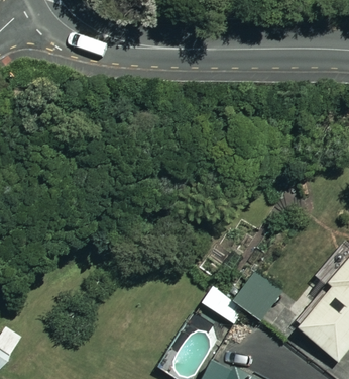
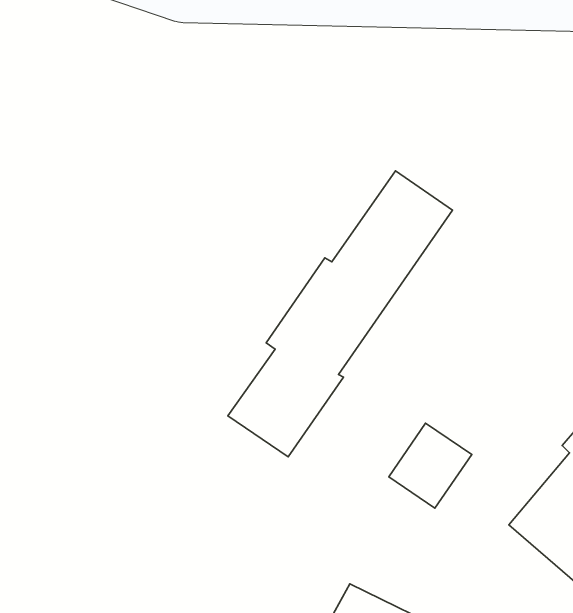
building: none -> [228,171,452,457]

